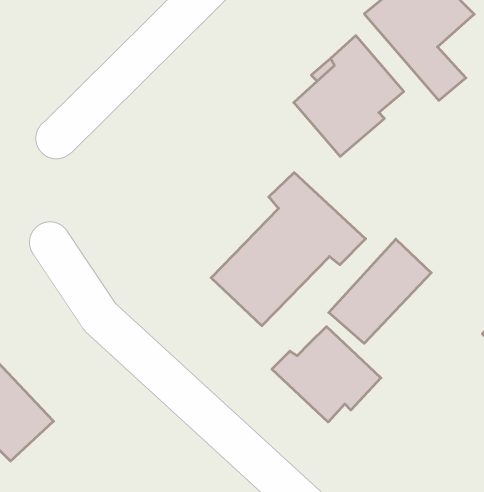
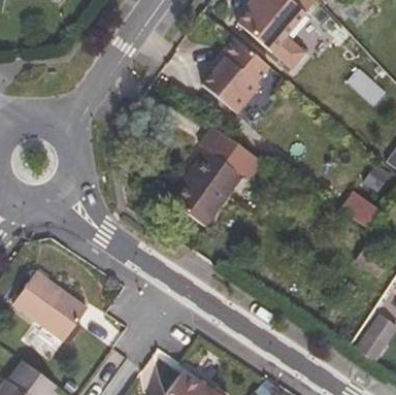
building: [329,239,431,343] -> none
building: [272,327,381,422] -> none

